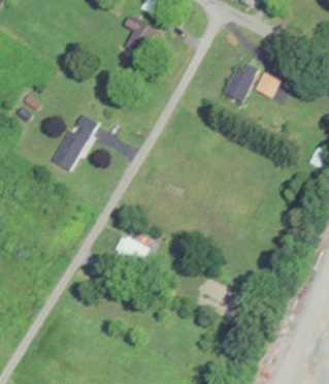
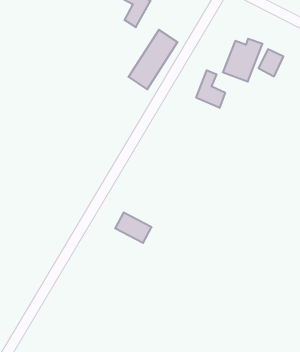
building: none -> [196,70,225,108]
building: [52,113,100,171] -> [128,30,178,89]

